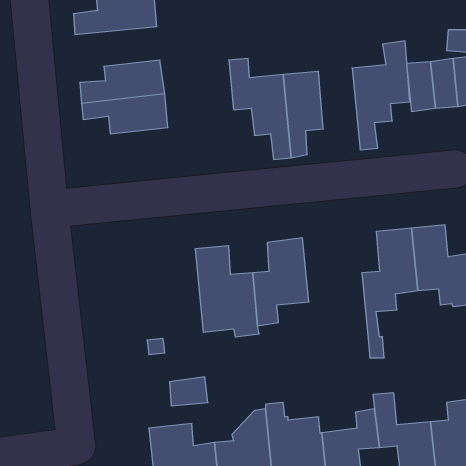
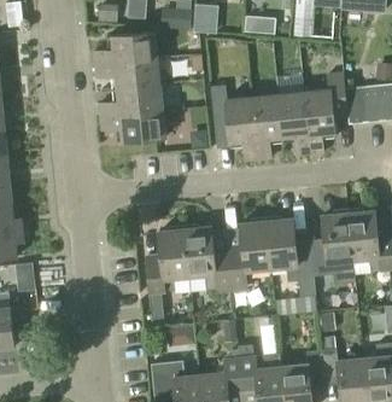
building: none -> [95,60,159,91]
building: none -> [279,92,310,155]
building: none -> [267,217,316,297]
building: none -> [146,228,192,293]

